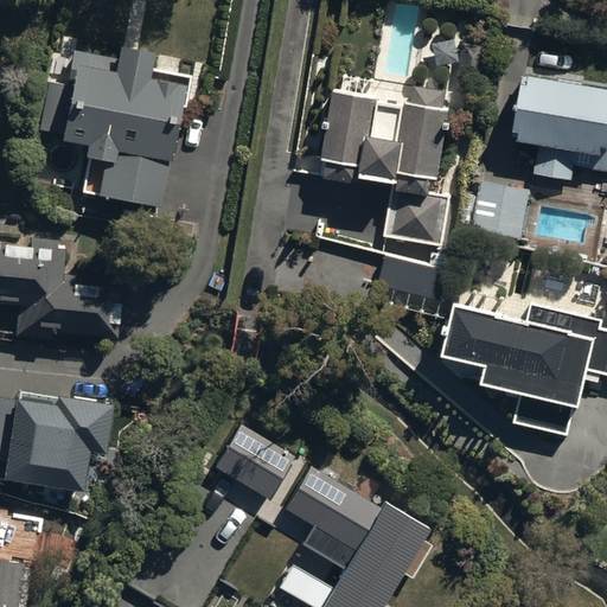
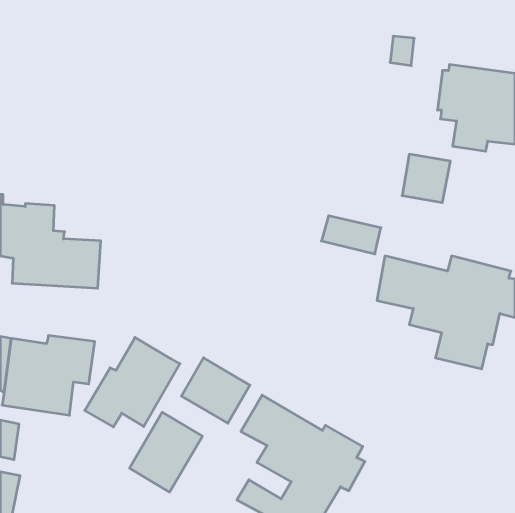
building: [44,47,184,206] -> none
building: [324,87,448,244] -> none
building: none -> [85,337,180,427]
building: none -> [130,412,202,492]

